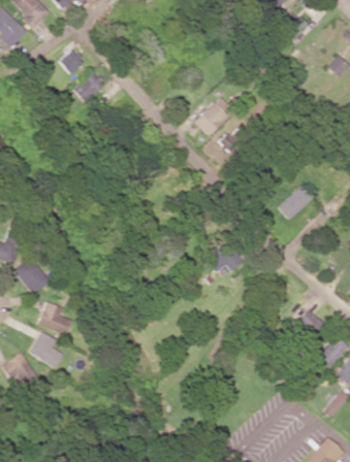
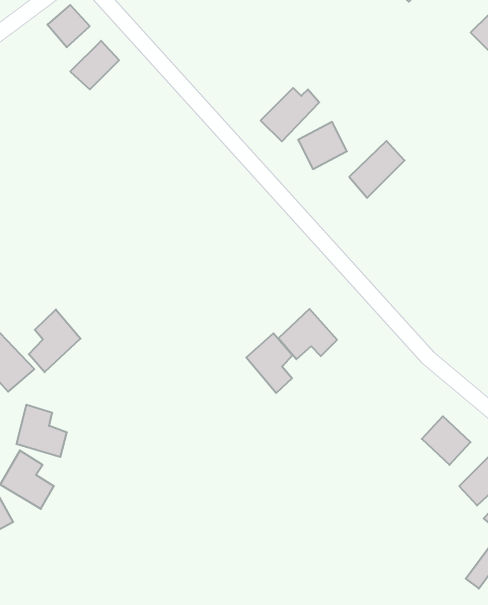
building: [278,185,313,221] -> [349,141,405,198]
building: none -> [29,309,81,372]
building: none -> [246,333,293,393]

